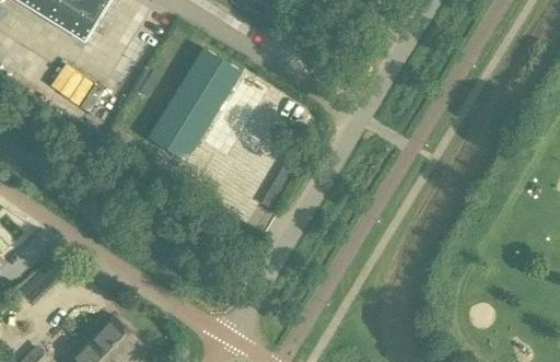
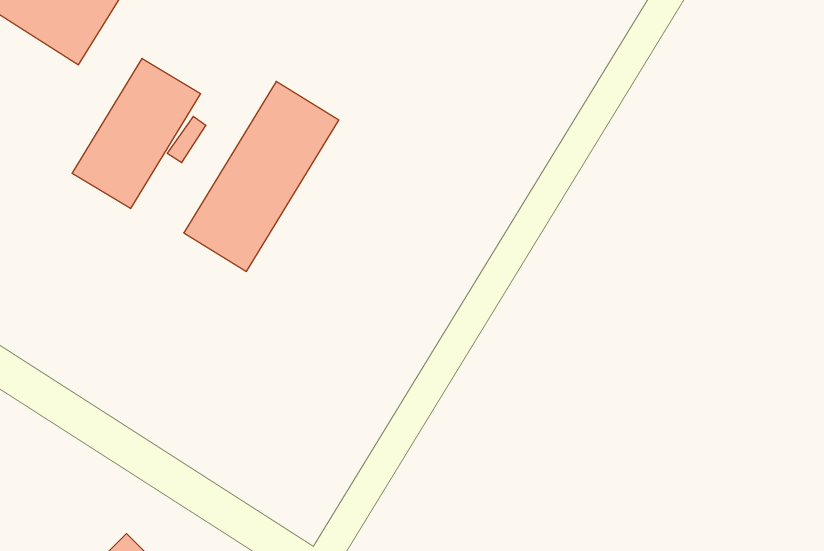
building: none -> [72,58,201,209]

